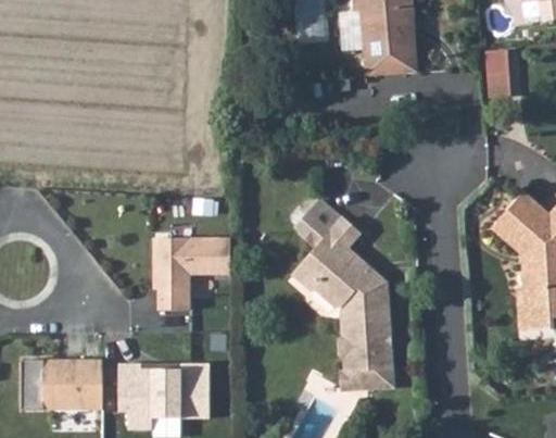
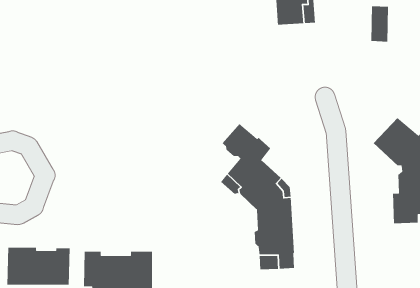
building: [152,238,231,311] -> none

